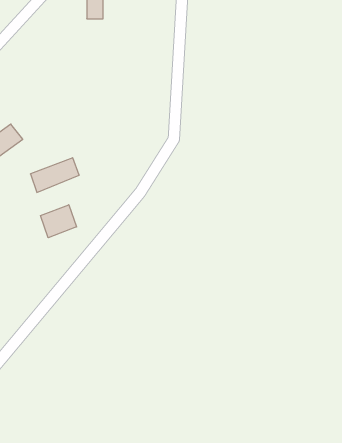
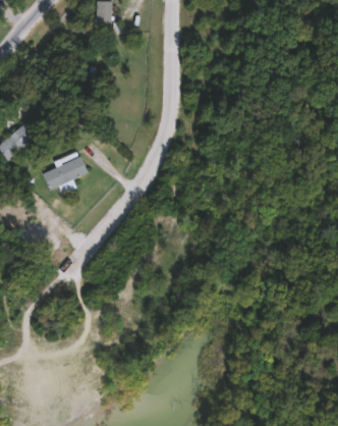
building: [40,205,77,238] -> none

